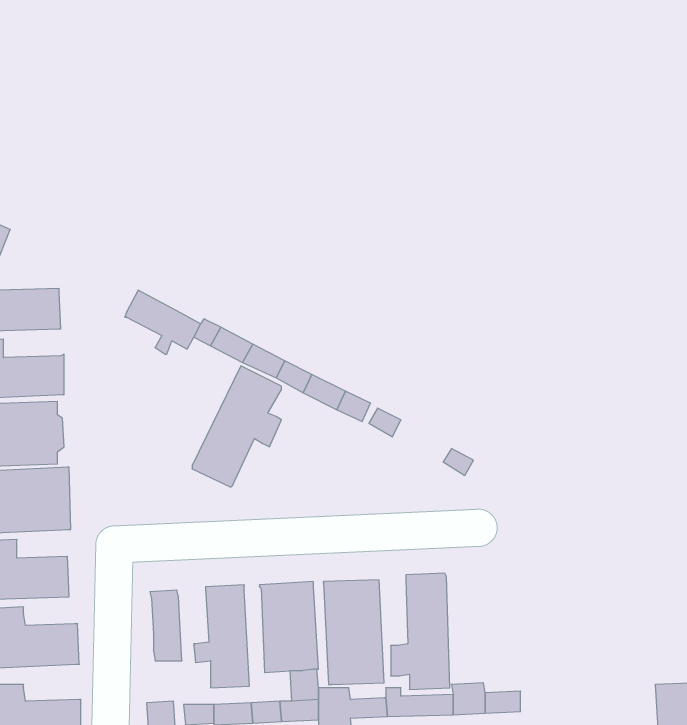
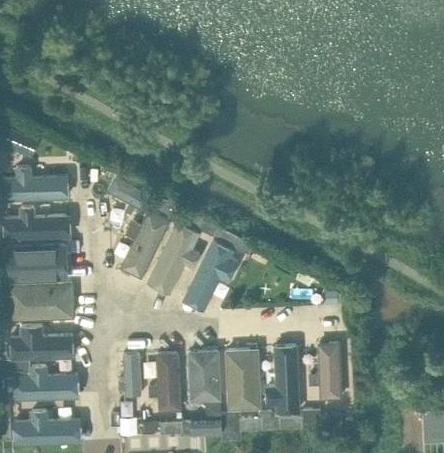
building: none -> [120,209,171,278]
building: none -> [182,239,239,311]
building: none -> [309,342,342,400]

